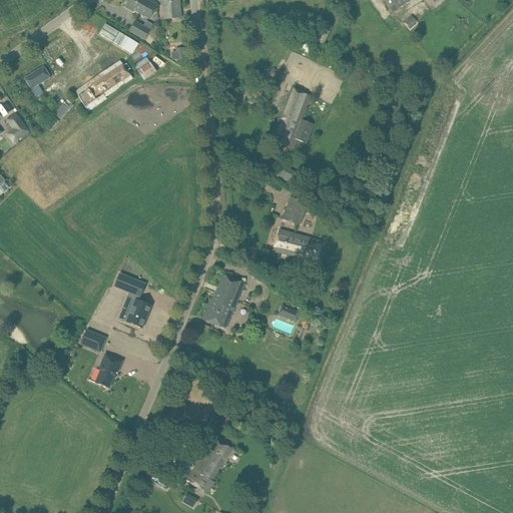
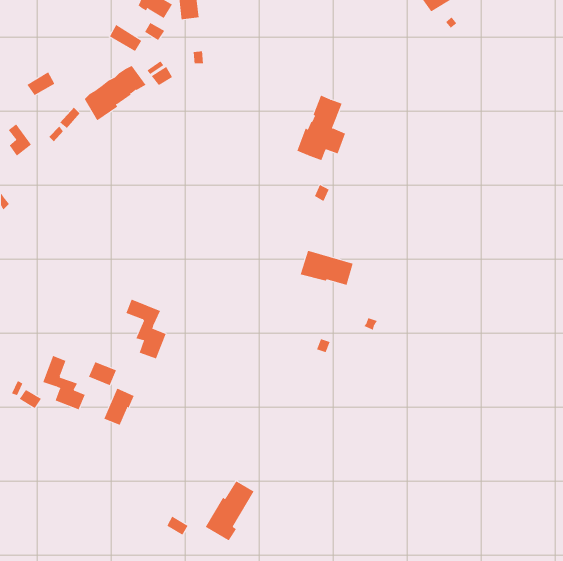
building: [283,195,308,222] -> none
building: [202,273,245,328] -> none
building: none -> [42,355,86,410]

